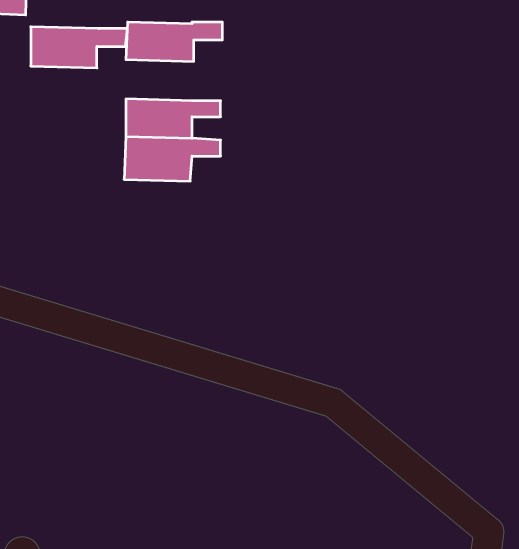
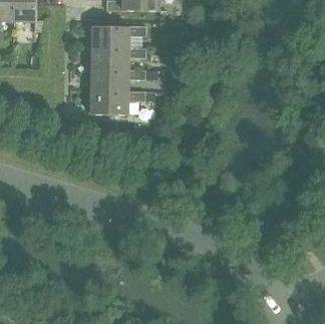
building: [31,27,127,68] -> [91,47,145,70]

